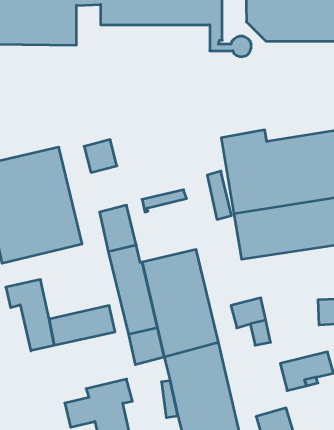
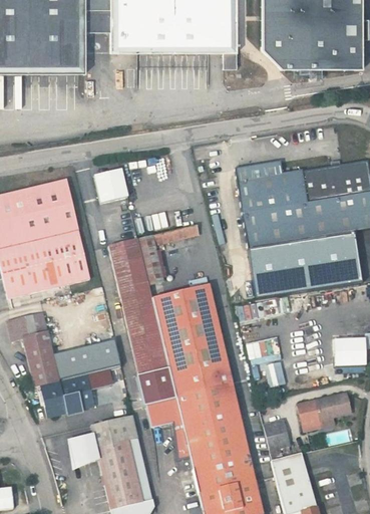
building: [207,171,231,219] -> [138,233,163,283]
building: none -> [38,378,95,421]
building: none -> [145,397,181,429]
building: none -> [266,419,290,452]

